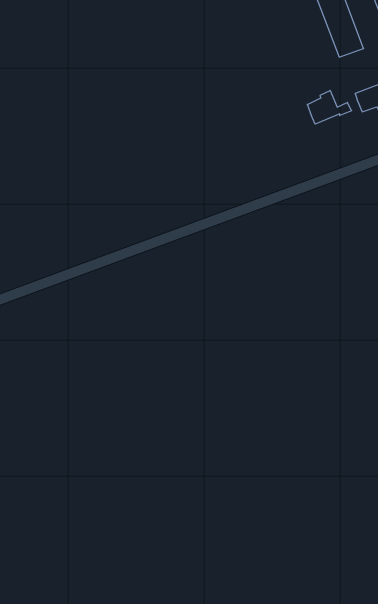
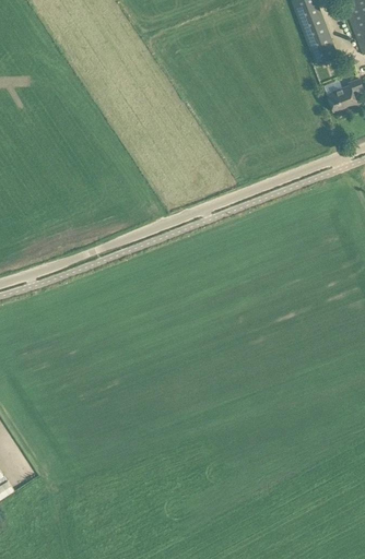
building: [307,90,352,124] -> none

